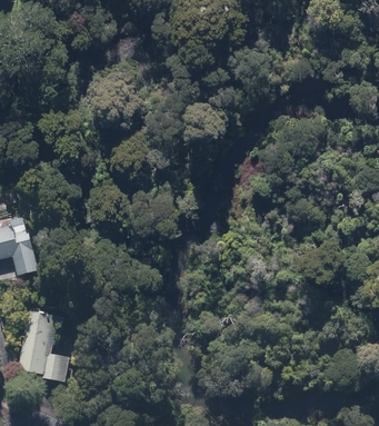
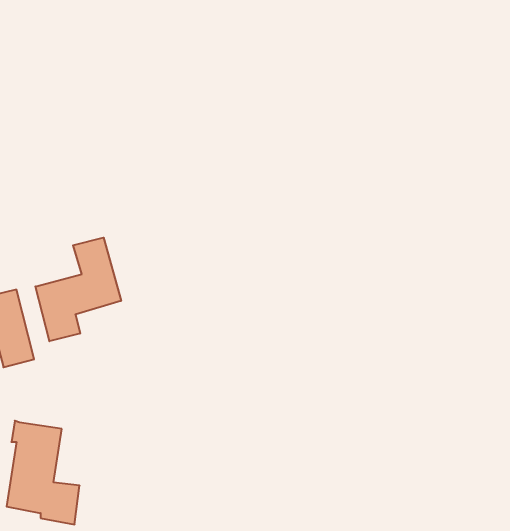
building: none -> [35,238,121,341]

